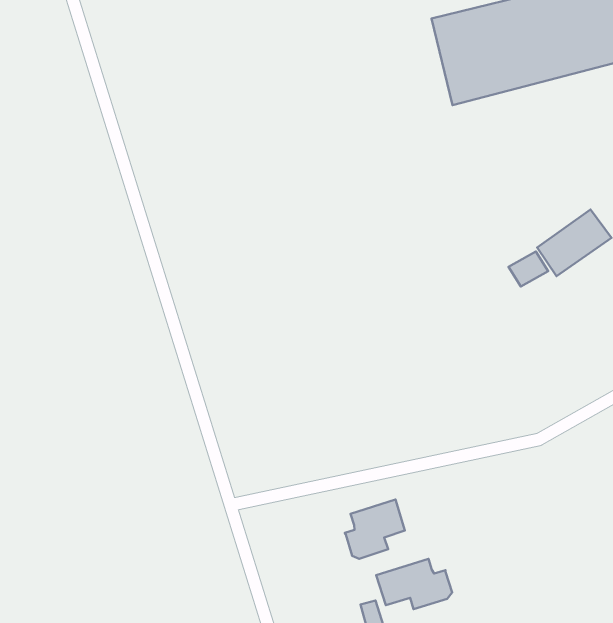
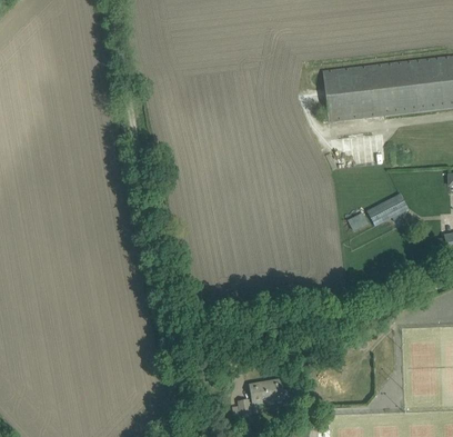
building: [345,500,405,559] -> none

